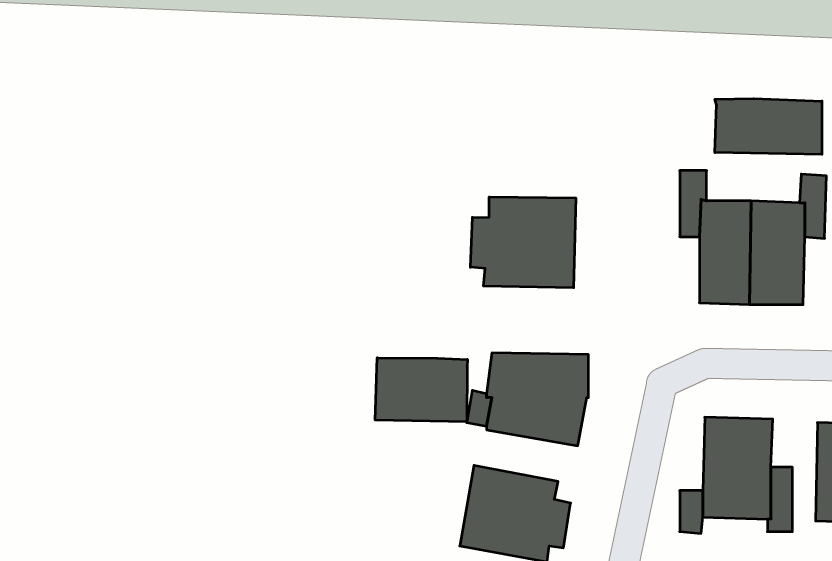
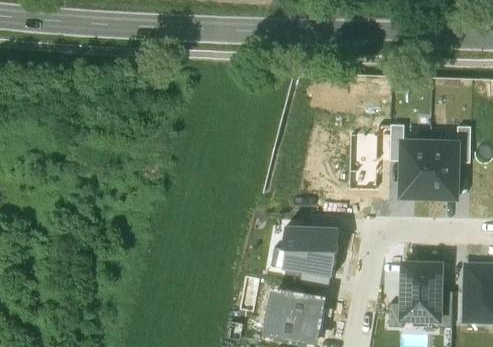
building: [715,99,822,154] -> none
building: [470,197,576,288] -> none
building: [375,358,467,422] -> none

